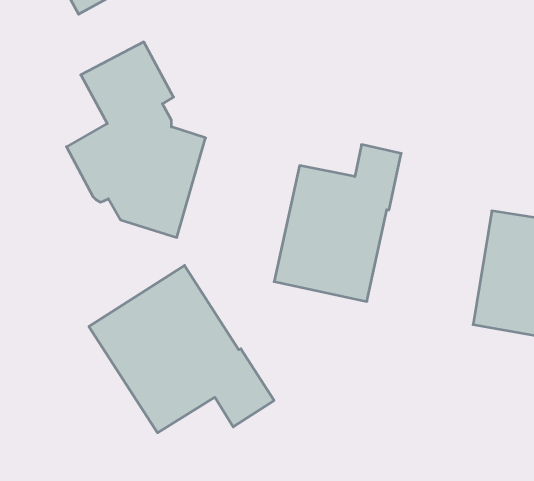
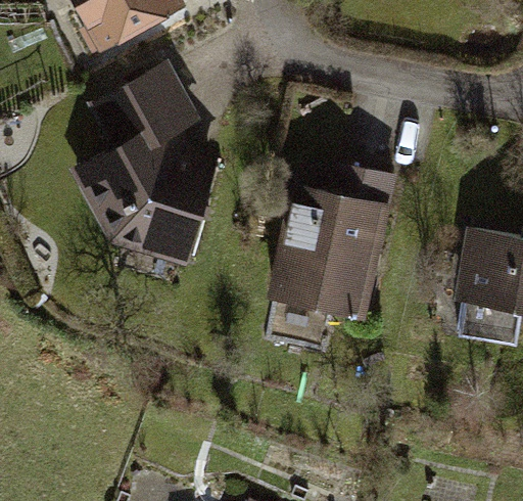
building: [89,265,274,433] -> none

